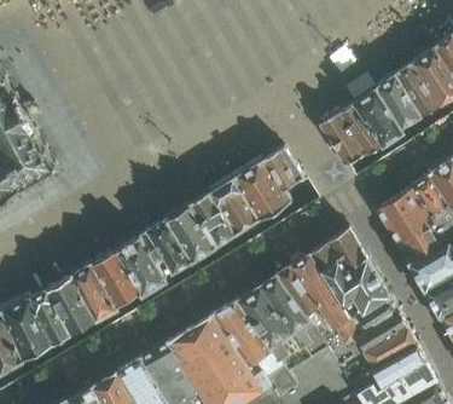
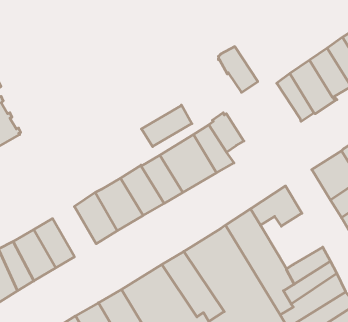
building: [321,114,365,165] -> [218,47,258,92]
building: none -> [141,105,192,147]
building: [92,250,140,306] -> none
building: [321,258,390,314] -> none

